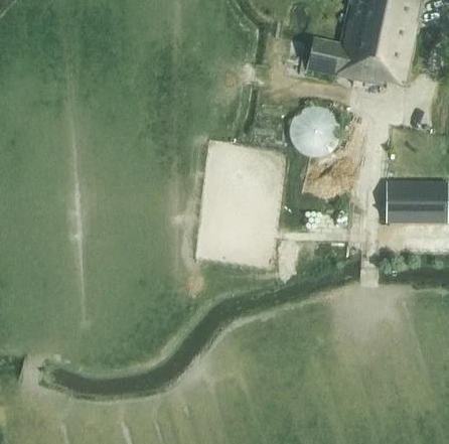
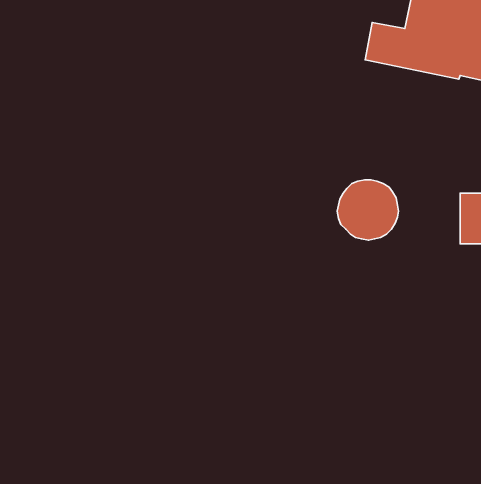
building: [289,106,340,156] -> [337,180,399,240]

